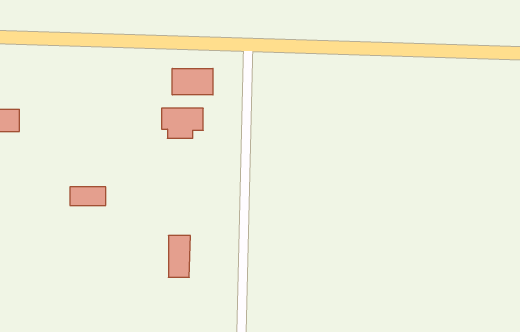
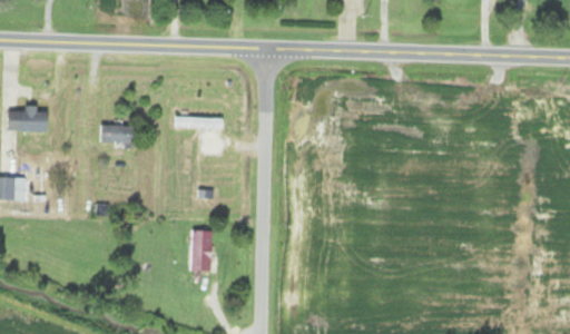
building: [172,68,213,95] -> none
building: [70,187,106,205] -> [101,126,136,144]

